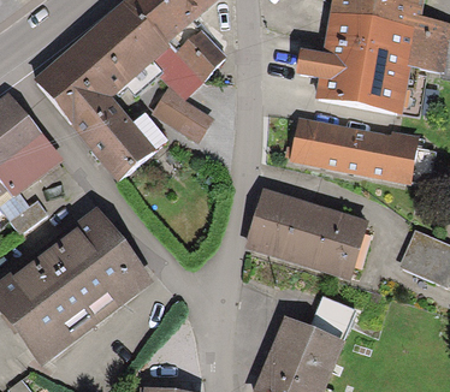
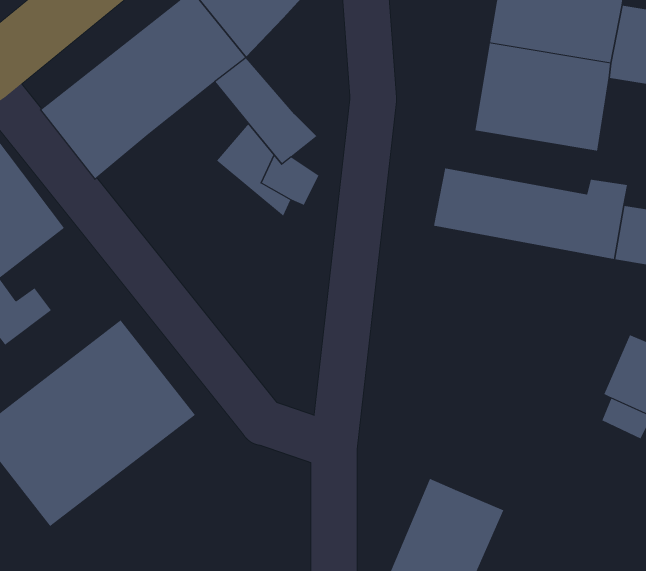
building: [170,23,227,84] -> none
building: [72,97,164,180] -> none
building: [256,189,362,267] -> none
building: [304,290,355,341] -> none

